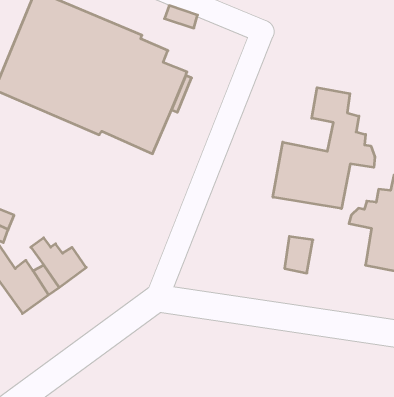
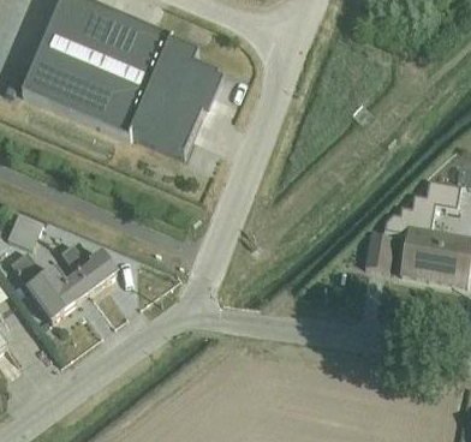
building: [273,88,375,209] -> none
building: [285,236,313,273] -> [364,232,393,269]

